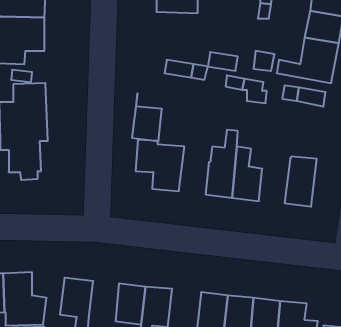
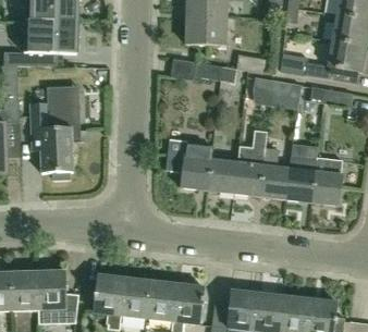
building: none -> [185,15,226,46]
building: [132,93,162,141] -> [208,147,237,194]
building: none -> [286,157,317,202]
building: none -> [120,279,149,318]

